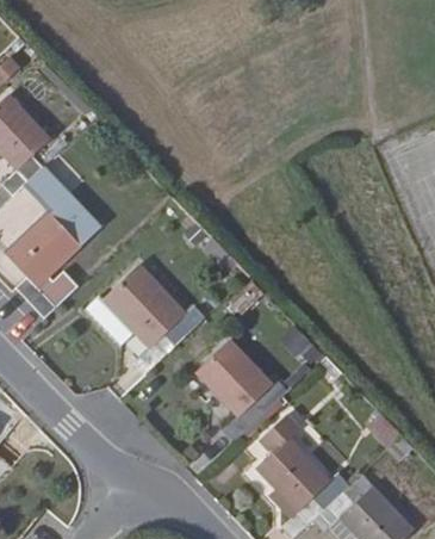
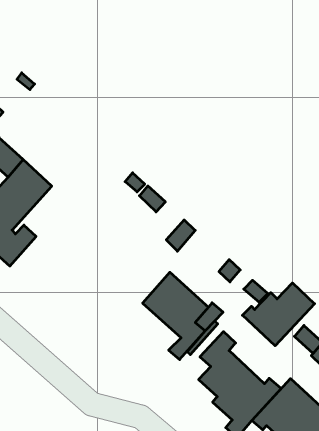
building: [83,259,203,373] -> none
building: none -> [242,283,315,346]

